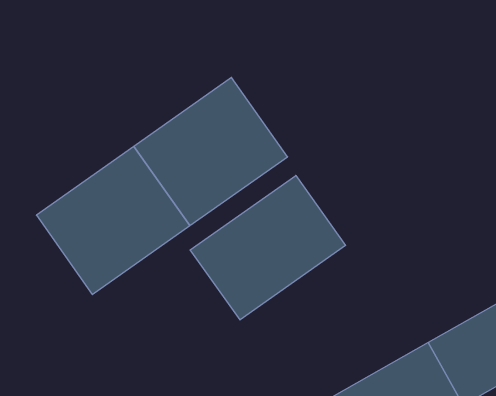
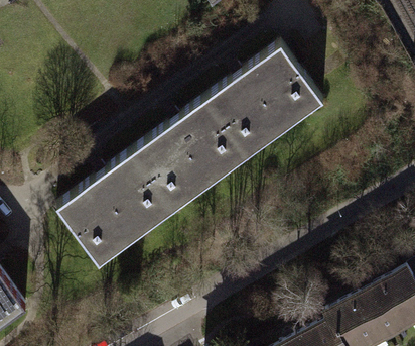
building: none -> [202,42,321,157]
building: [190,175,346,320] -> none

